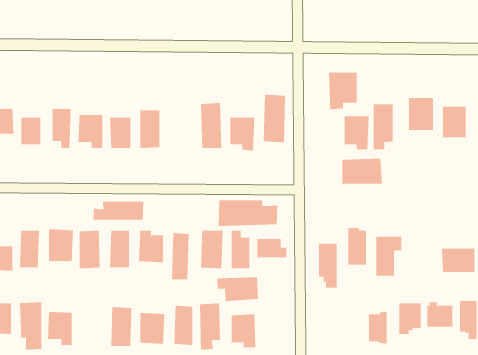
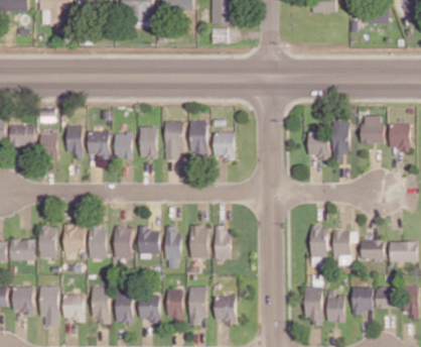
building: [328,72,357,110] -> none
building: [263,94,286,143] -> [164,120,183,160]
building: [342,158,382,184] -> none
building: [218,200,278,227] -> none
building: [93,201,144,220] -> none
building: [257,238,287,258] -> none
building: [318,243,337,288] -> [306,286,322,324]
building: none -> [361,239,384,259]
building: [217,276,258,302] -> none
building: none -> [92,286,109,324]

